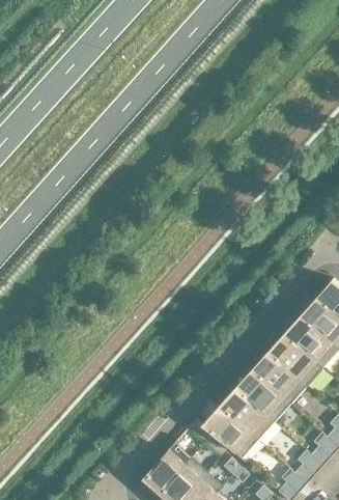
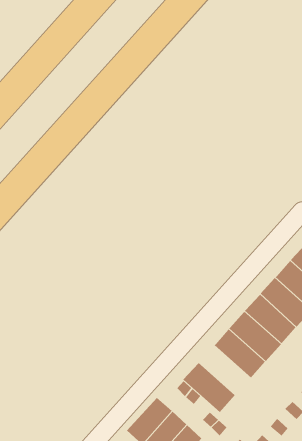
building: [218,388,274,441] -> none

